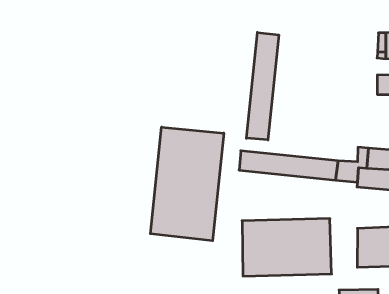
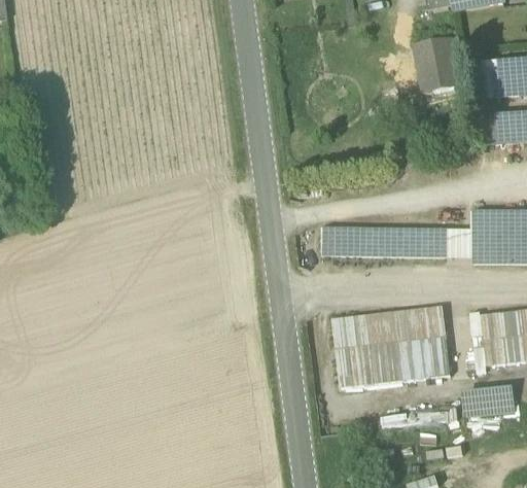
building: none -> [414,36,460,94]
building: [246,32,279,140] -> none
building: [150,127,224,241] -> none

